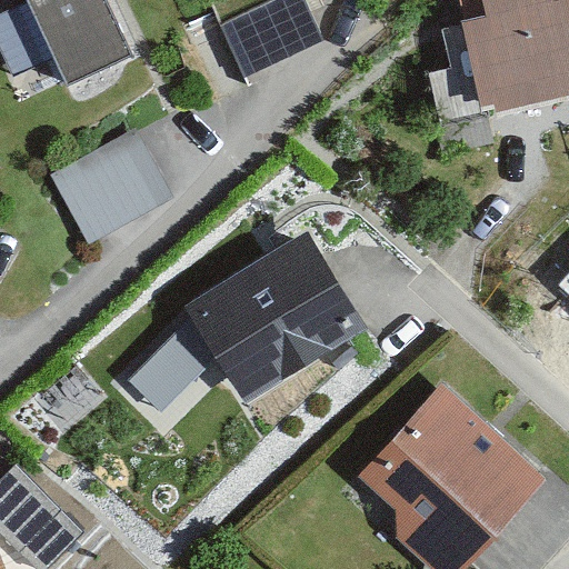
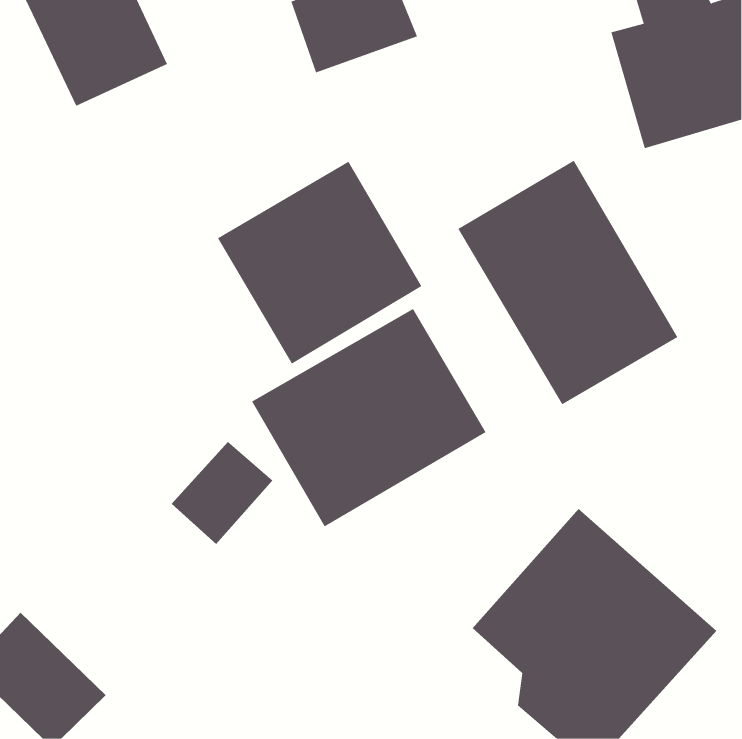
building: none -> [457,160,678,405]
building: none -> [217,161,422,364]
building: [46,128,171,246] -> none

